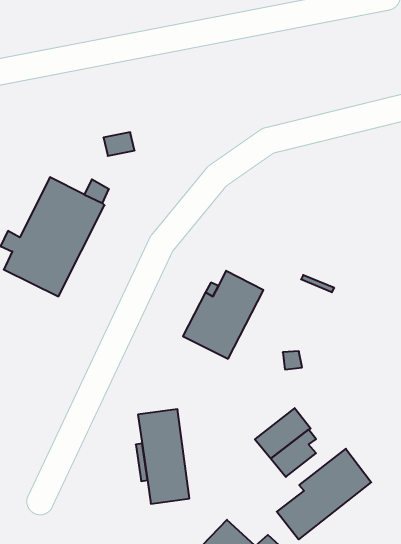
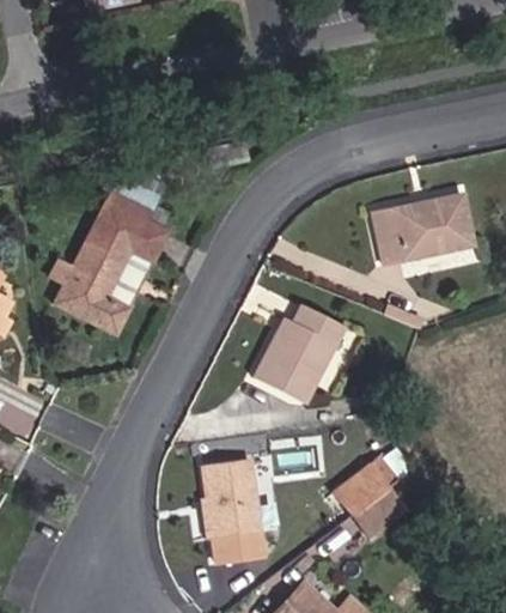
building: none -> [373,193,474,263]
building: [277,449,371,539] -> none

